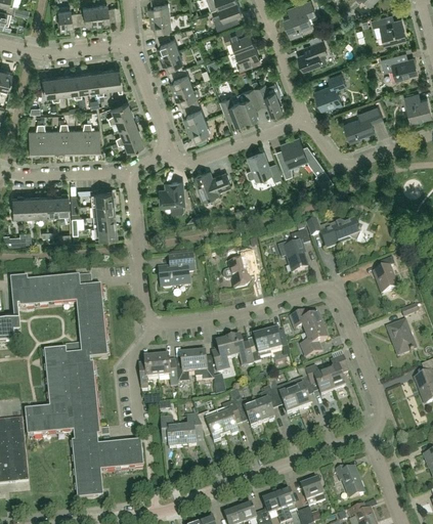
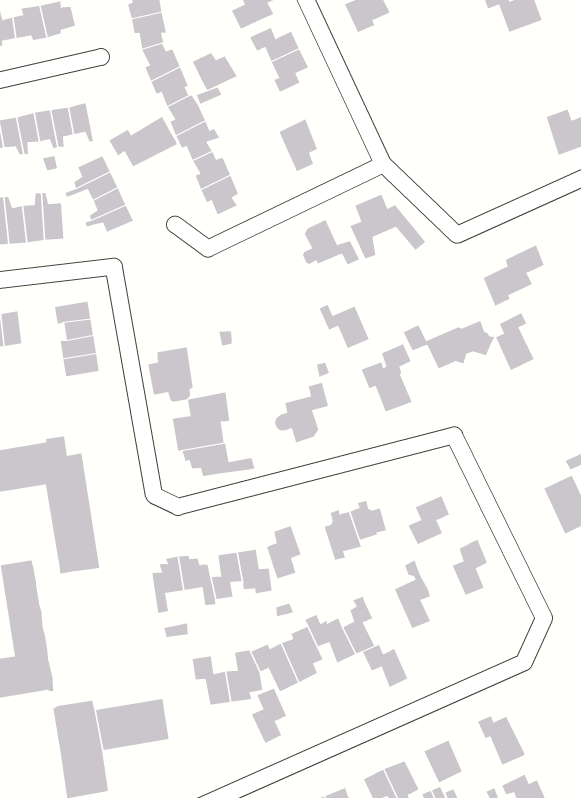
building: [298,40,328,70] -> none
building: none -> [192,52,237,91]
building: [381,54,418,80] -> none
building: [314,73,346,111] -> none
building: none -> [108,116,177,167]
building: [255,83,283,114] -> none
building: [220,96,247,124] -> none
building: [344,105,383,142] -> [483,244,545,306]
building: [193,171,231,200] -> none
building: [159,179,186,213] -> [148,347,194,402]
building: none -> [319,304,370,349]
building: [375,258,398,294] -> [495,312,535,371]
building: none -> [182,443,255,477]
building: [291,312,323,334] -> none
building: [228,337,254,366] -> none
building: [66,346,100,442] -> none
building: [305,367,334,396] -> none
building: [271,387,299,414] -> [362,644,408,688]
building: none -> [251,688,287,744]

